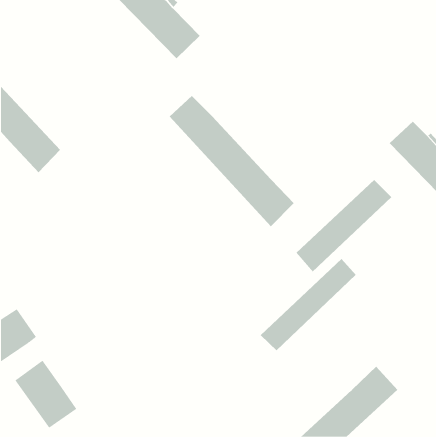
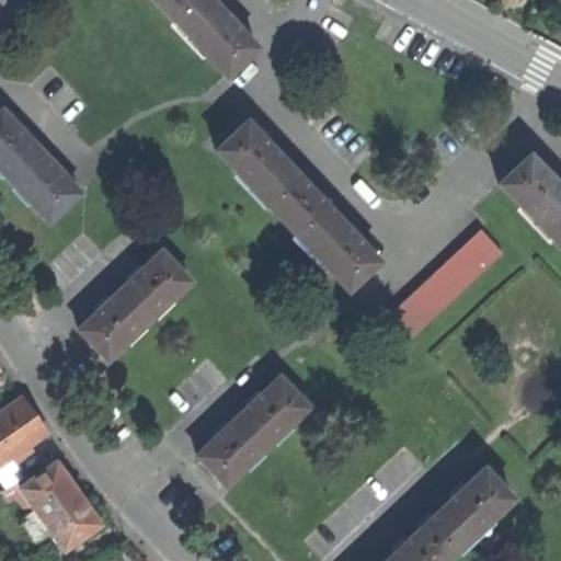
building: none -> [78,250,191,359]
building: [260,258,356,351] -> none
building: none -> [198,377,308,485]

